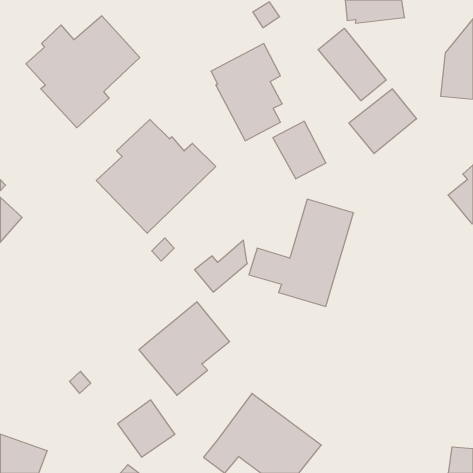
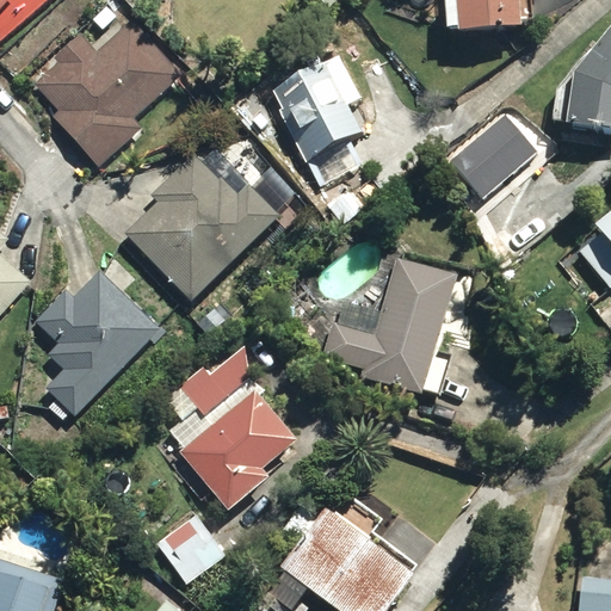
building: [318,28,386,101] -> none
building: [273,121,326,179] -> none
building: none -> [35,271,158,419]
building: [195,240,247,292] -> [180,348,248,415]

